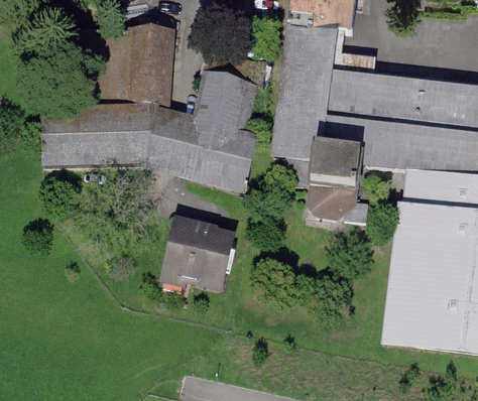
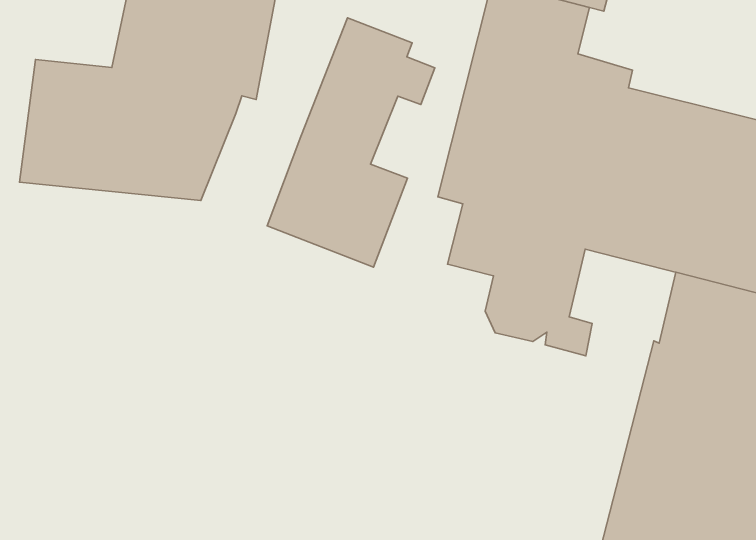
building: [144,115,195,174] -> none
building: [164,223,233,287] -> none

